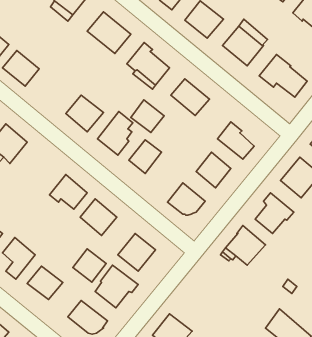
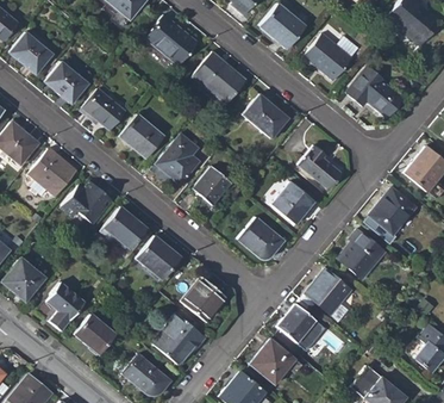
building: none -> [85,89,126,128]
building: [131,100,164,132] -> none
building: none -> [62,181,111,222]
building: [73,249,106,282] -> none
building: none -> [279,303,317,342]
building: none -> [251,339,296,383]

